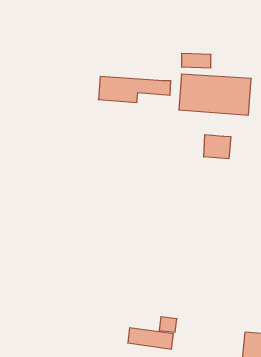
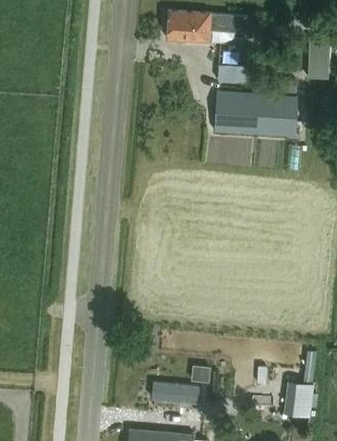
building: [98,76,171,102] -> [164,12,247,42]
building: [204,135,231,159] -> none

